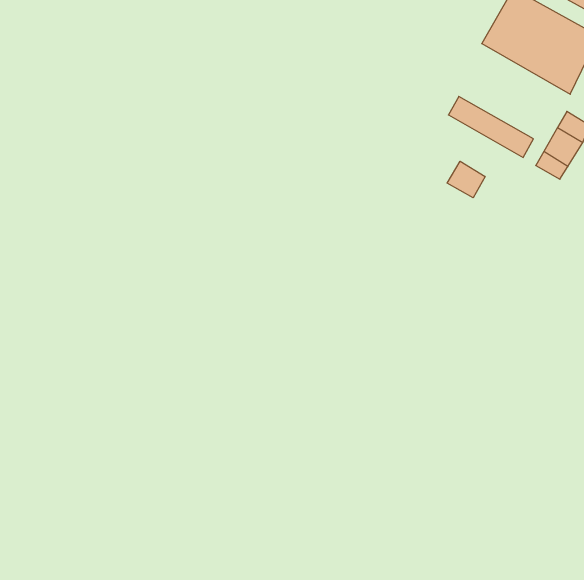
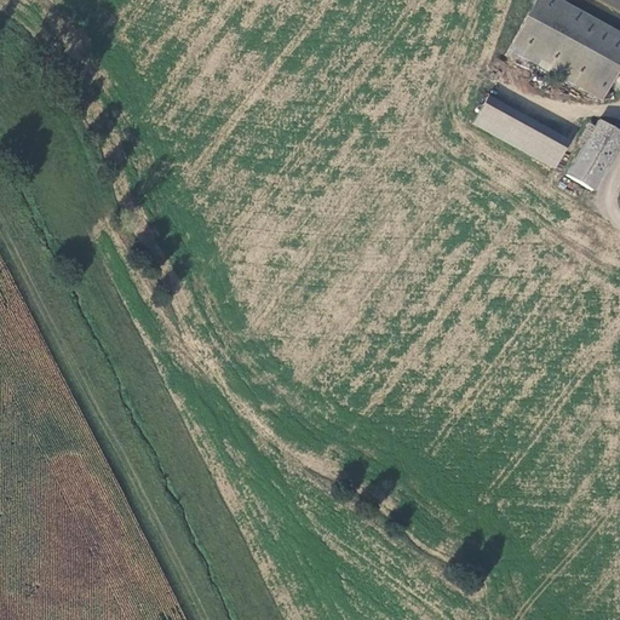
building: [447,161,485,198] -> none

